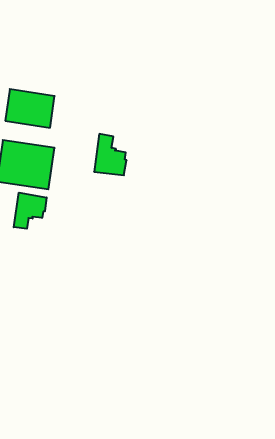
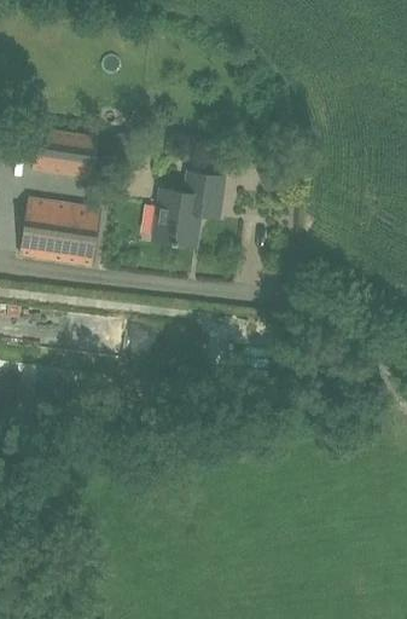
building: none -> [179,170,225,215]
building: [14,193,47,229] -> none

